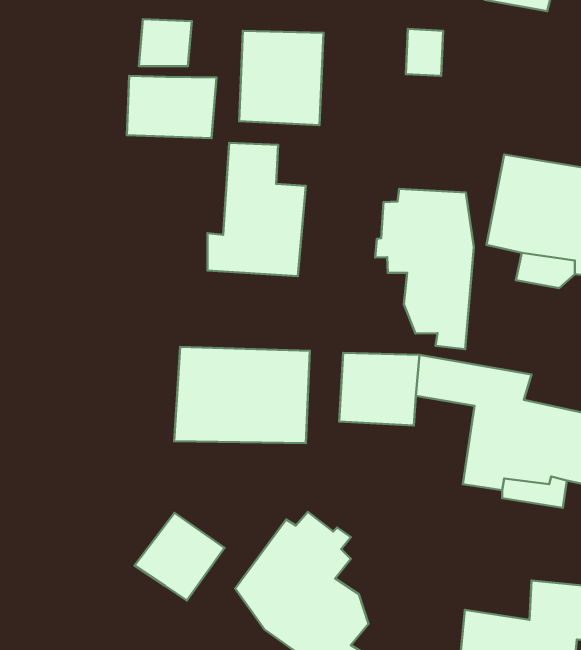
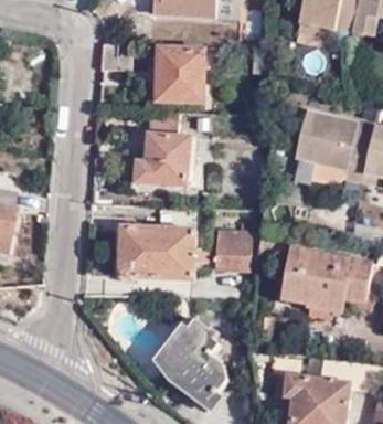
building: [127,76,216,138] -> none
building: [375,189,474,349] -> none
building: [134,513,224,601] -> none

